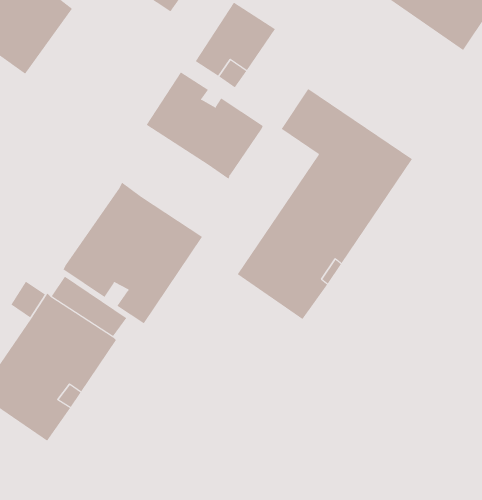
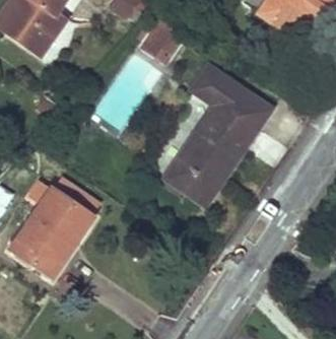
building: [146,72,264,179] -> none
building: [63,182,203,324] -> none

